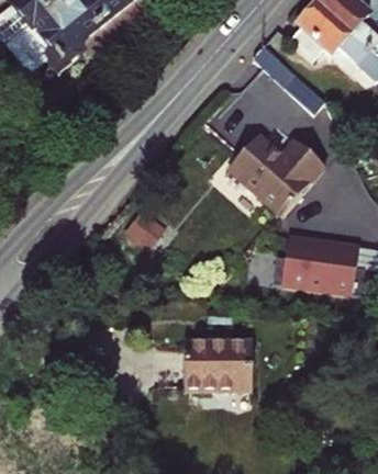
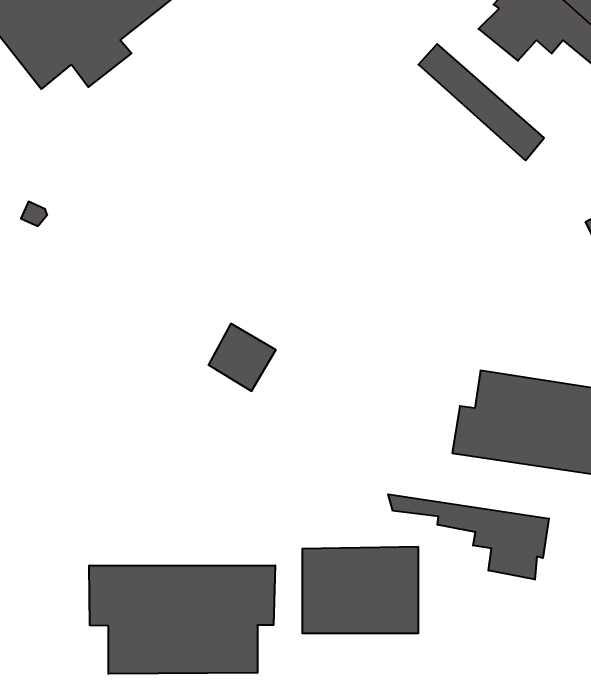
building: [229,134,325,215] -> none
building: none -> [388,494,549,580]
building: none -> [89,565,275,674]

